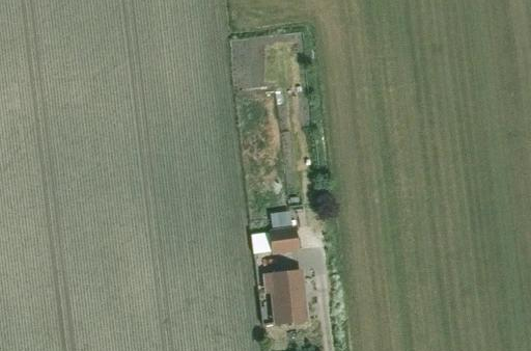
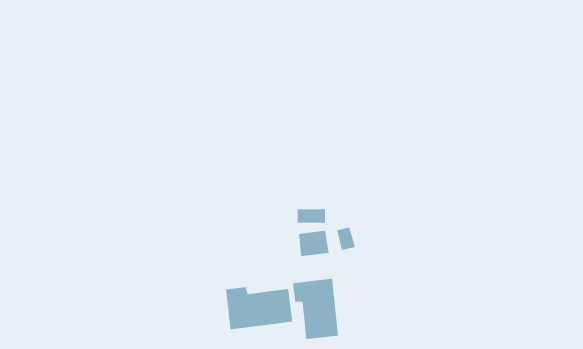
building: none -> [225,287,293,330]

